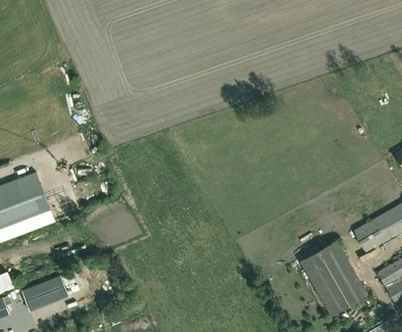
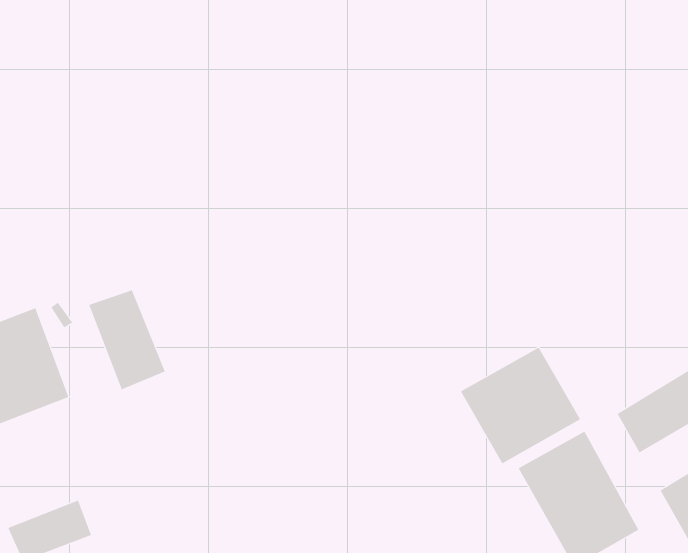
building: none -> [88,290,165,390]
building: none -> [460,347,581,464]

